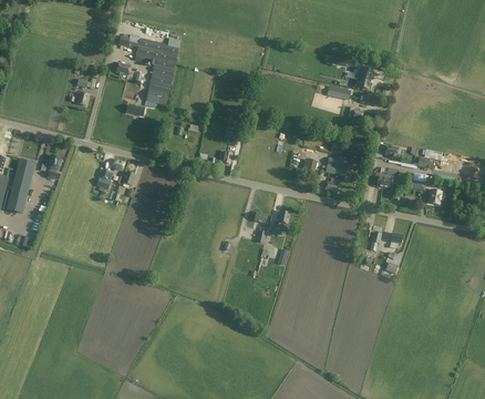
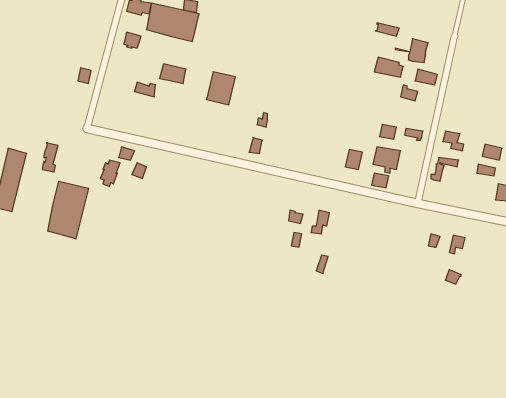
building: [149,65,174,93] -> [206,72,235,105]
building: none -> [48,181,89,239]

